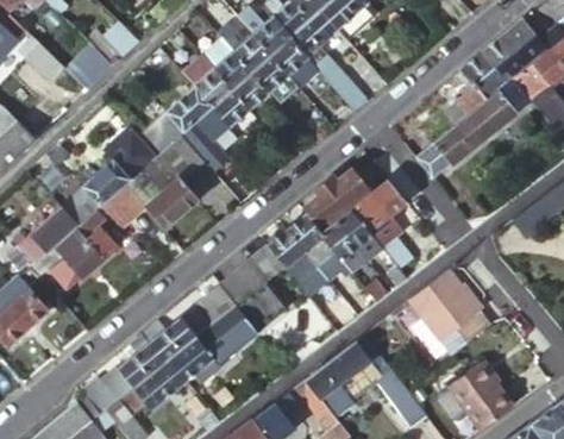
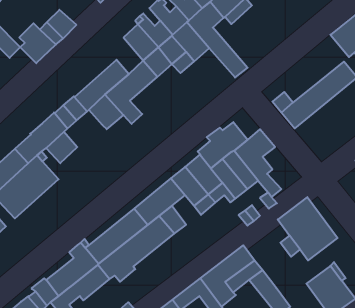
building: [444,52,506,124] -> none
building: [184,56,231,105] -> none
building: [143,173,198,226] -> none

